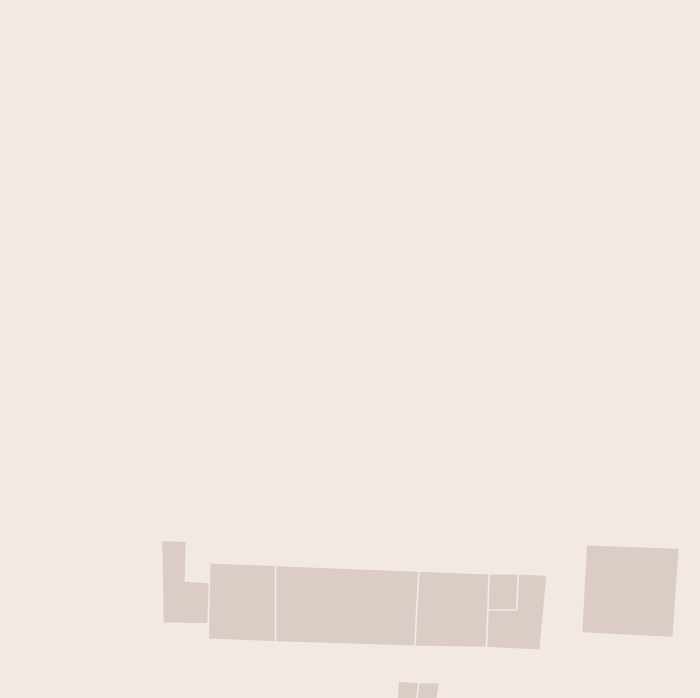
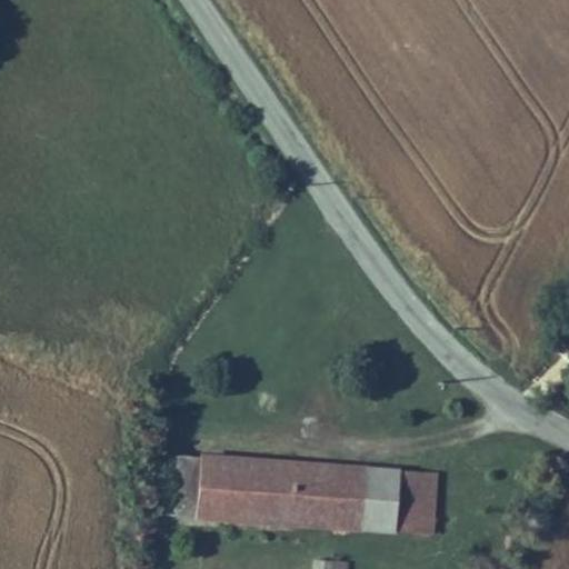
building: [162,541,209,624] -> none
building: [582,545,679,638] -> none

